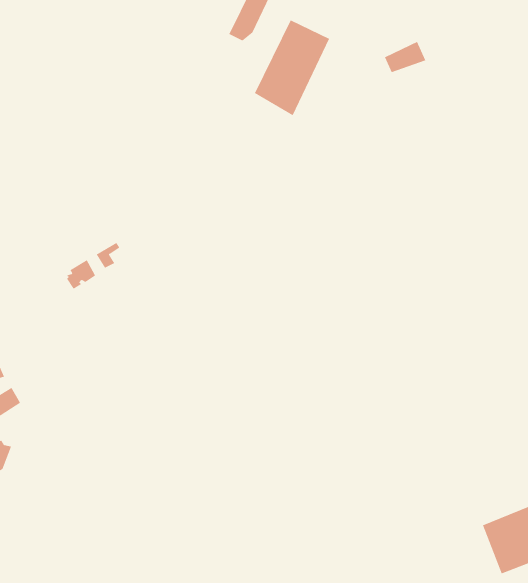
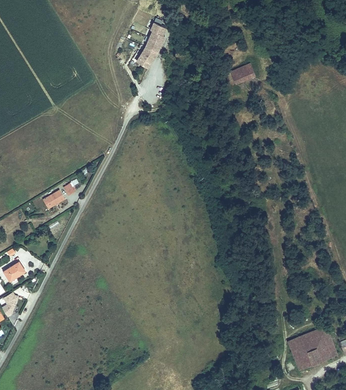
building: [254,20,330,116] -> none

